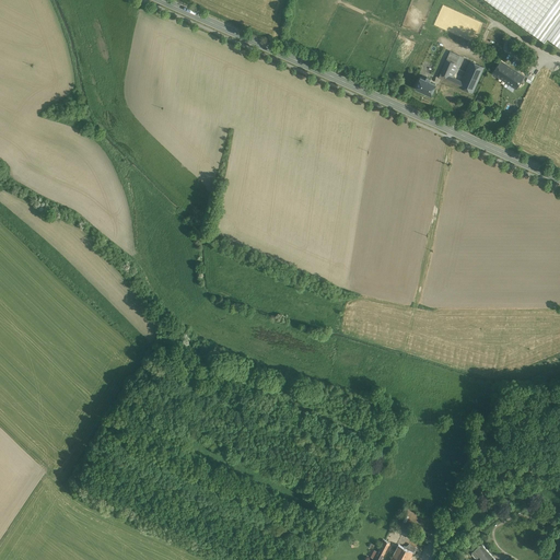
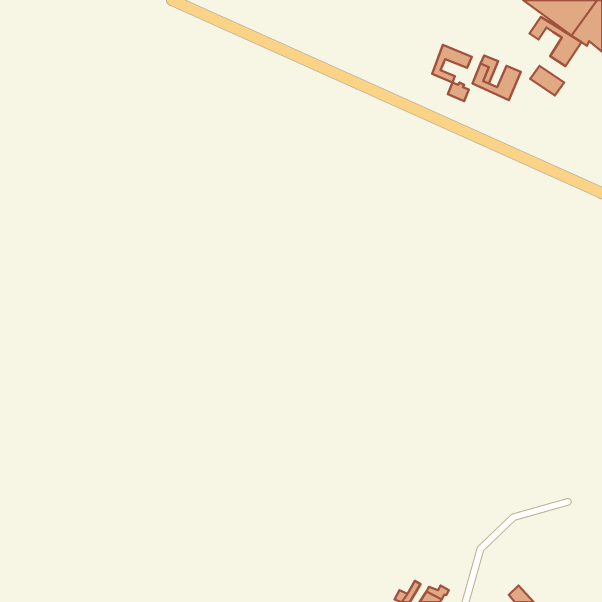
building: none -> [530,17,581,66]
building: none -> [432,45,472,82]

